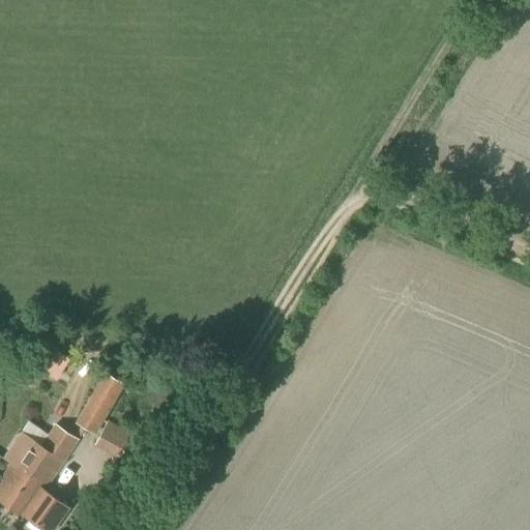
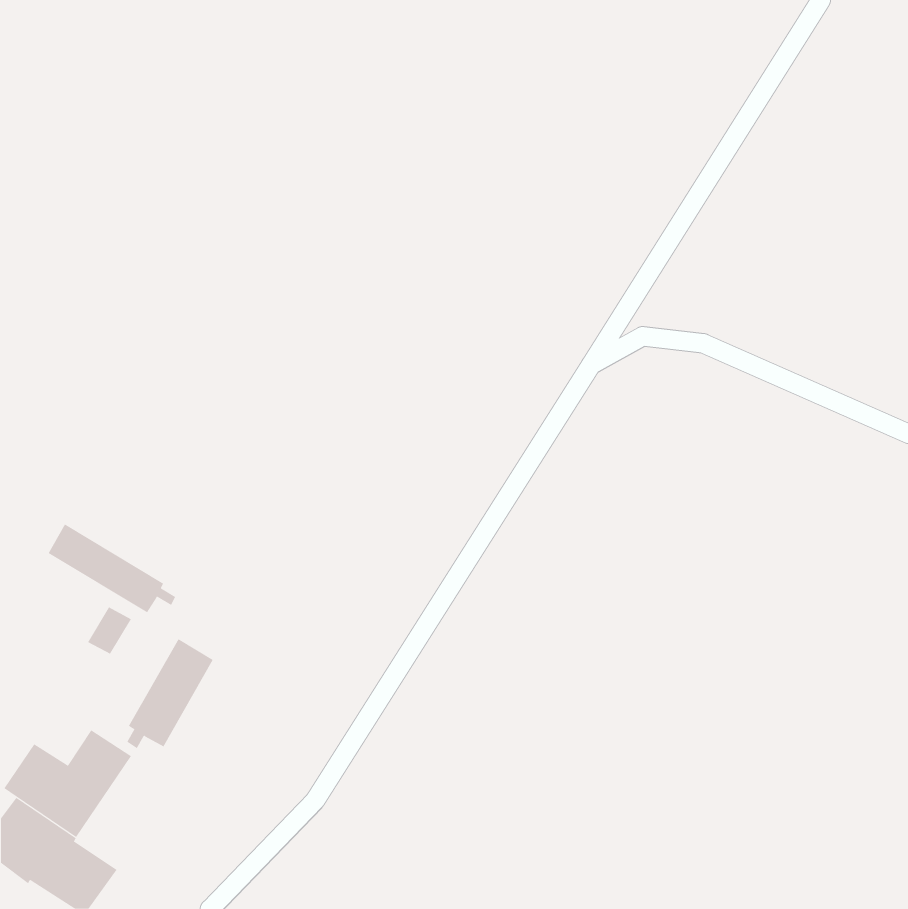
building: none -> [48,524,176,613]
building: [93,420,134,460] -> none

